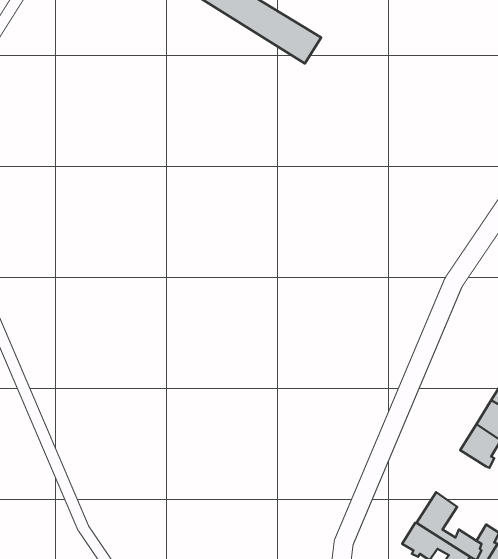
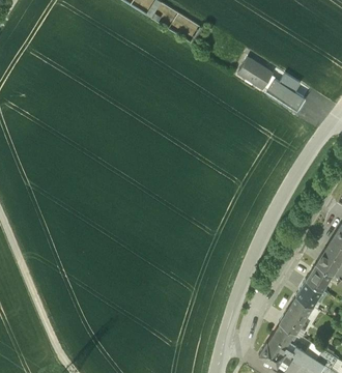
building: none -> [238,58,305,110]
building: none -> [280,294,313,332]

